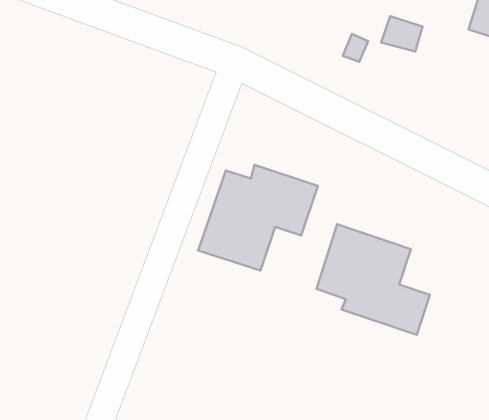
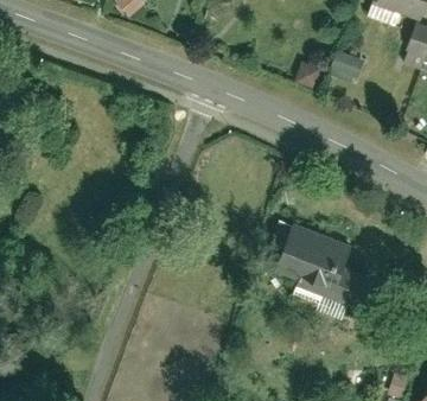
building: [198,165,318,271] -> none

